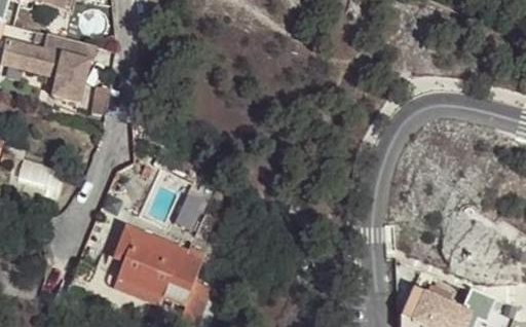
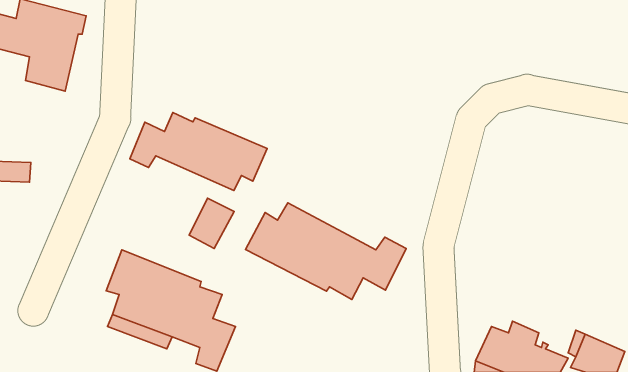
building: none -> [130,112,267,191]
building: none -> [245,203,406,299]

